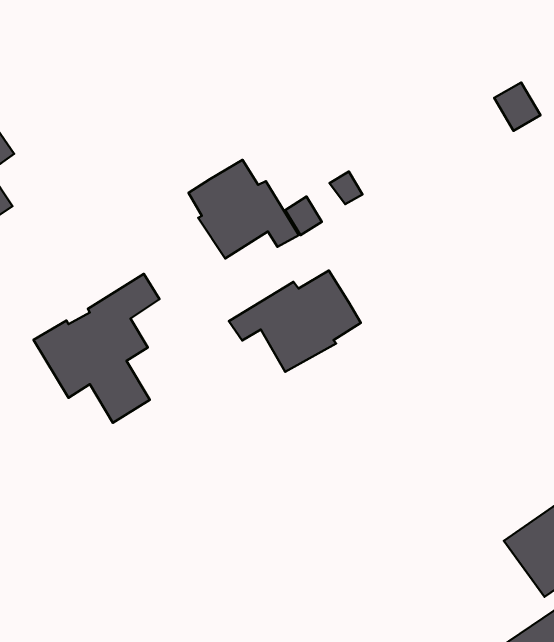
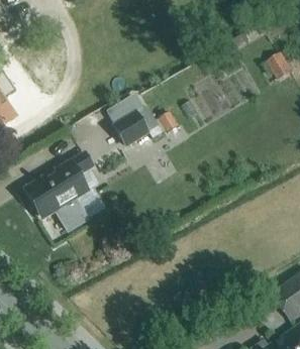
building: [229,270,361,372] -> none

